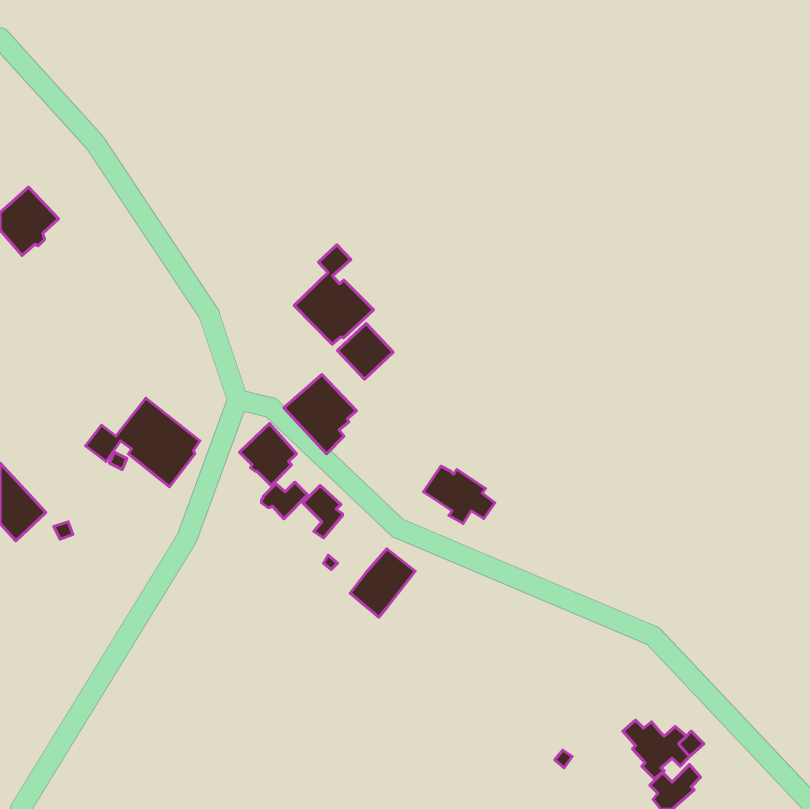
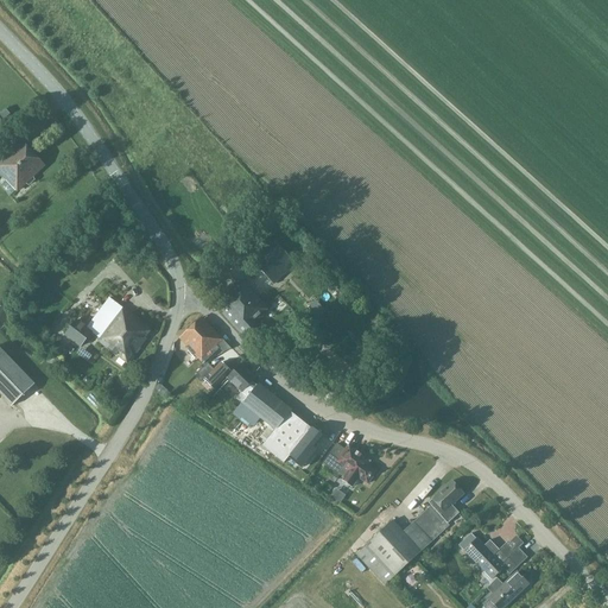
building: [294,245,373,344] -> none
building: [424,466,495,523] -> [322,444,375,487]
building: none -> [242,382,291,429]
building: none -> [290,426,323,466]
building: none -> [355,480,463,584]

